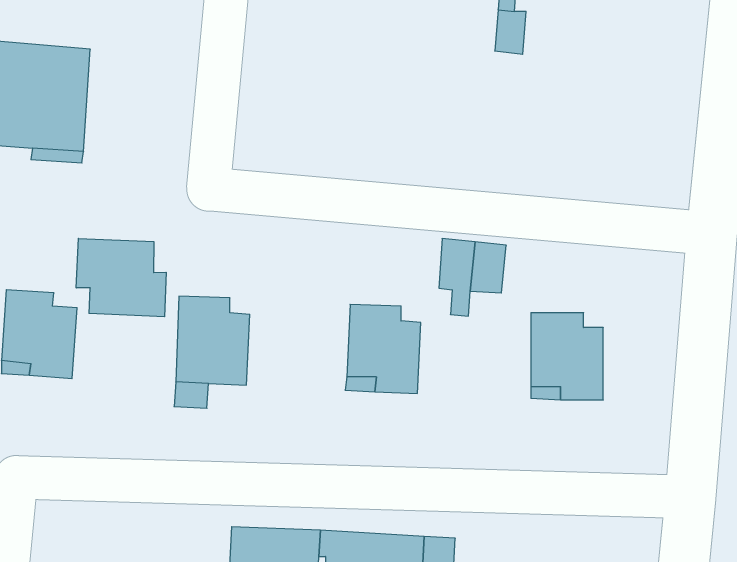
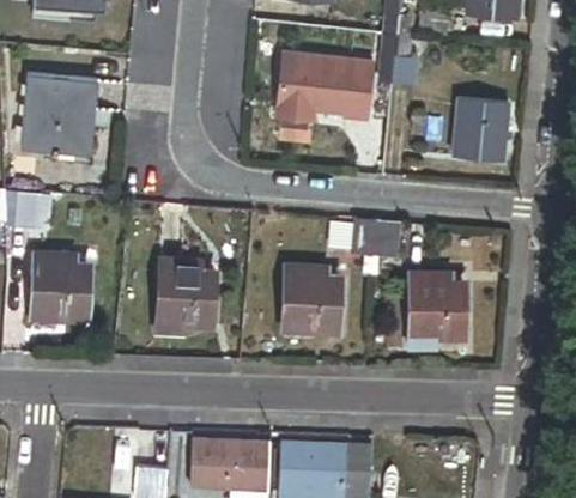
building: none -> [272,63,371,124]
building: none -> [454,101,510,162]
building: [76,238,166,317] -> none

